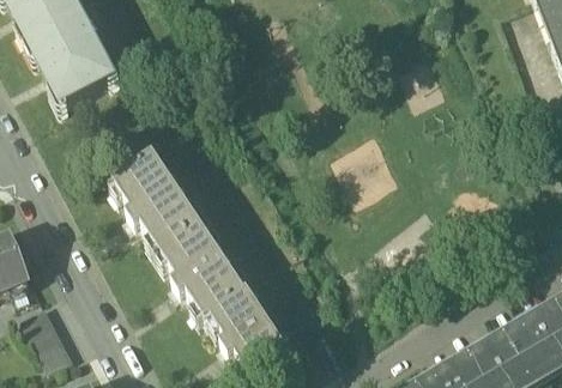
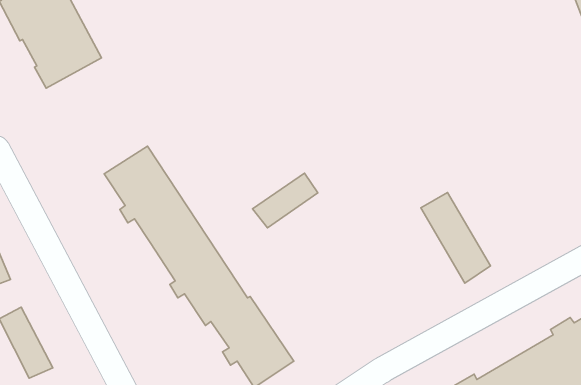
building: none -> [253,173,318,228]
building: none -> [421,193,491,283]

